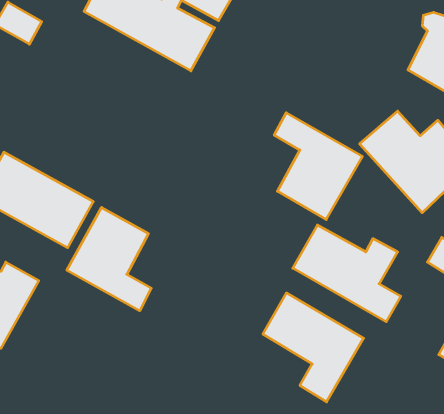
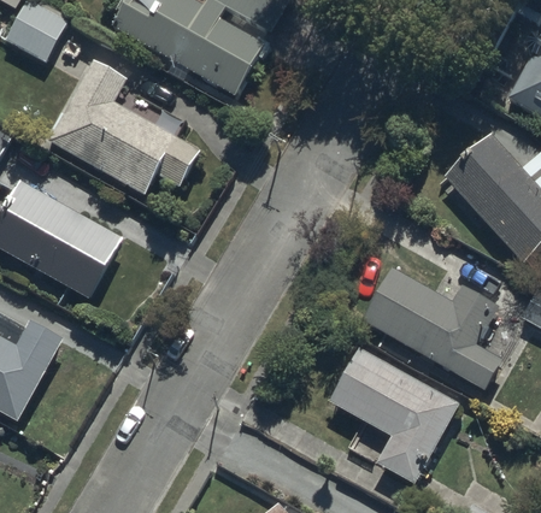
building: none -> [52,64,202,190]
building: [274,113,362,220] -> none
building: [67,207,151,311] -> none

